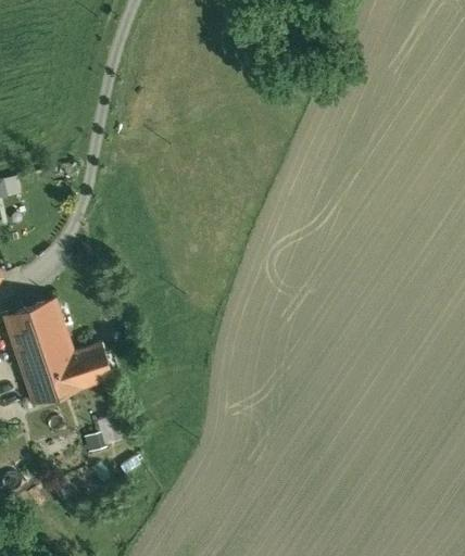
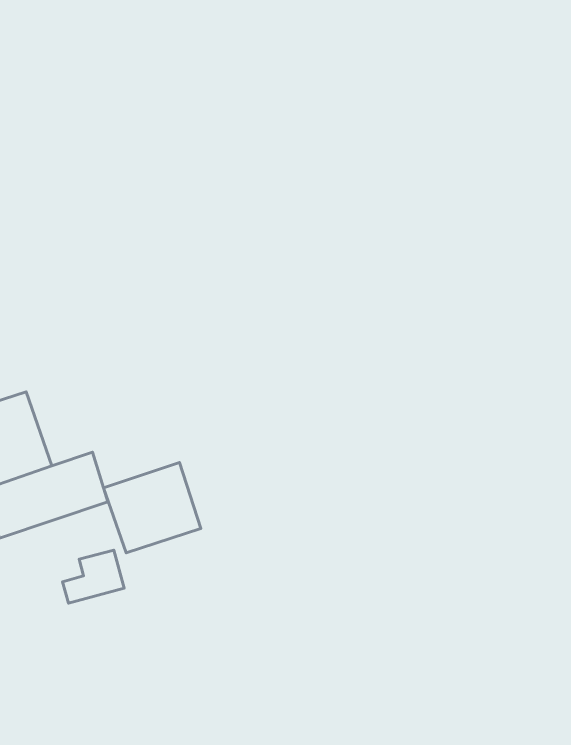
building: none -> [103,463,201,553]

